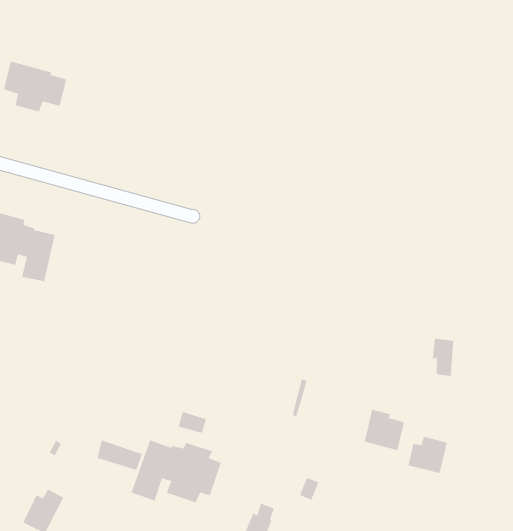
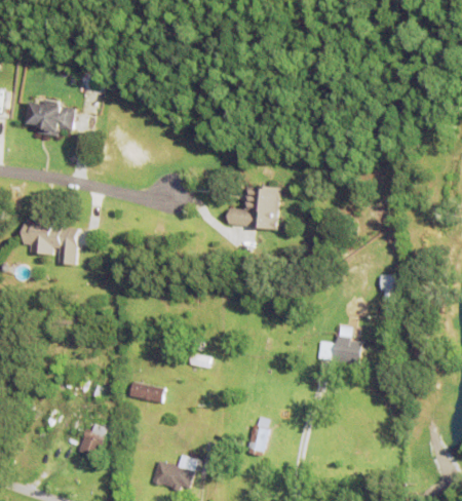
building: none -> [227,182,279,229]
building: [408,436,447,474] -> none
building: [131,440,222,503] -> none

